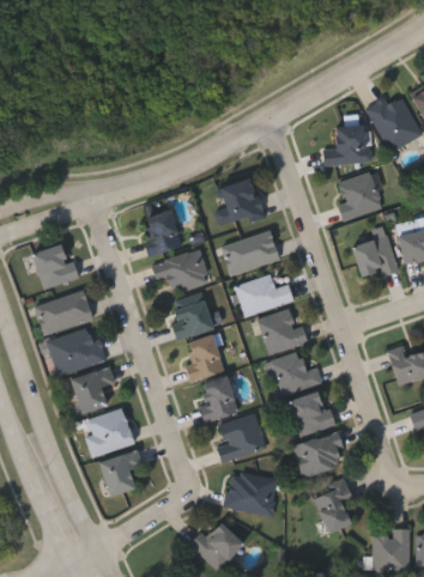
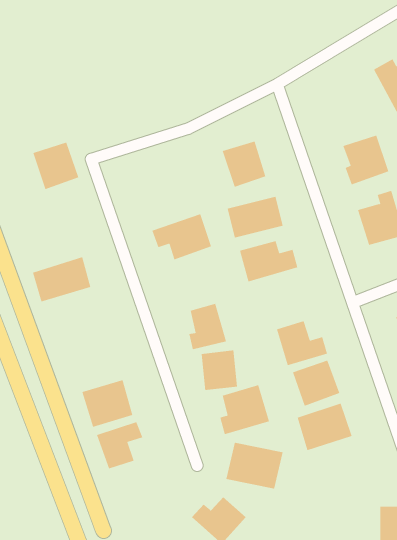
building: [323,124,370,164] -> none
building: [139,211,181,255] -> none
building: [31,243,77,290] -> [32,142,79,190]
building: [170,302,211,338] -> none
building: [258,309,309,353] -> none
building: [48,328,107,375] -> none
building: [71,368,115,414] -> none
building: [311,480,353,534] -> none

